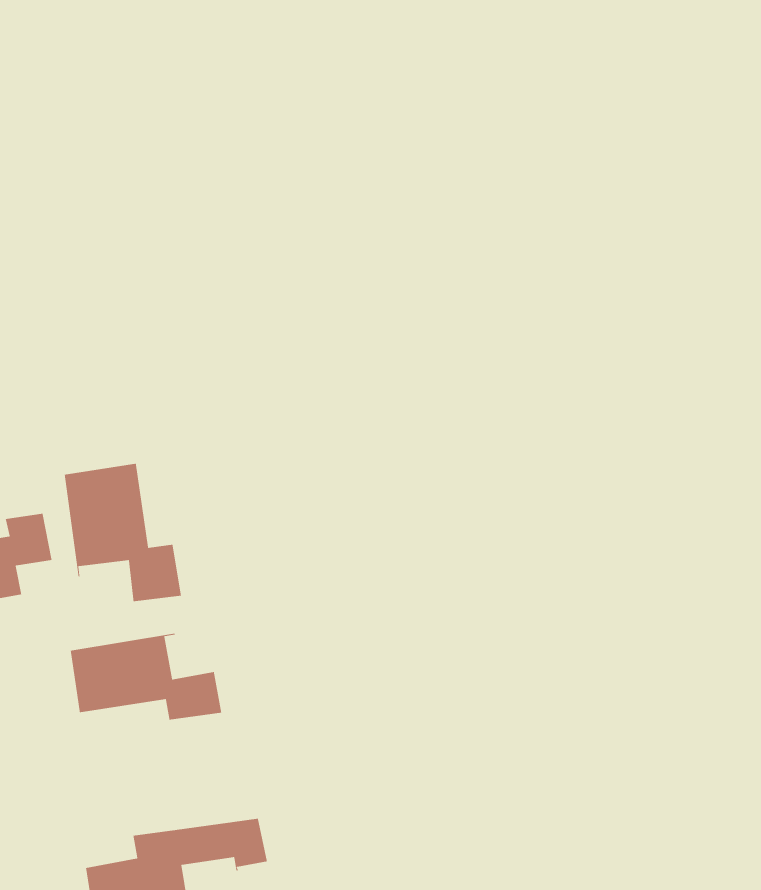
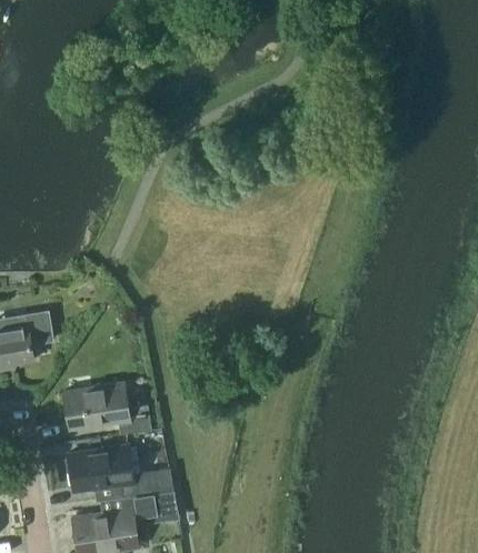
building: [64,463,182,602] -> none
building: none -> [67,445,172,497]

